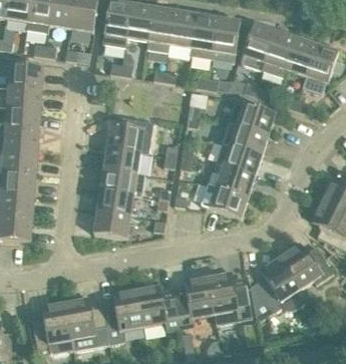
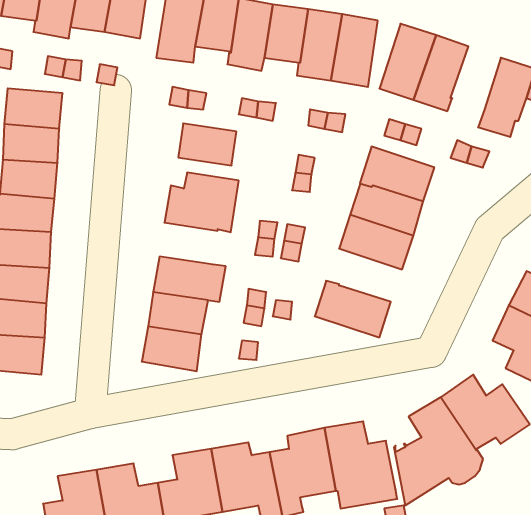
building: [285,37,316,76] -> none
building: [104,146,140,172] -> [178,123,236,165]
building: [215,162,255,196] -> none

